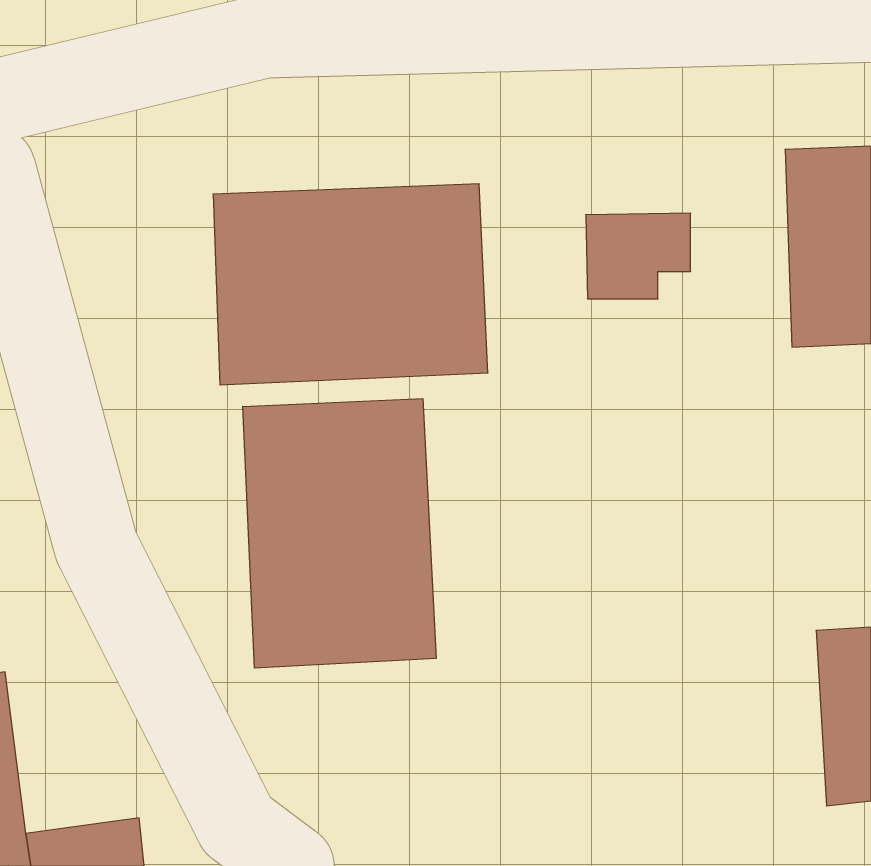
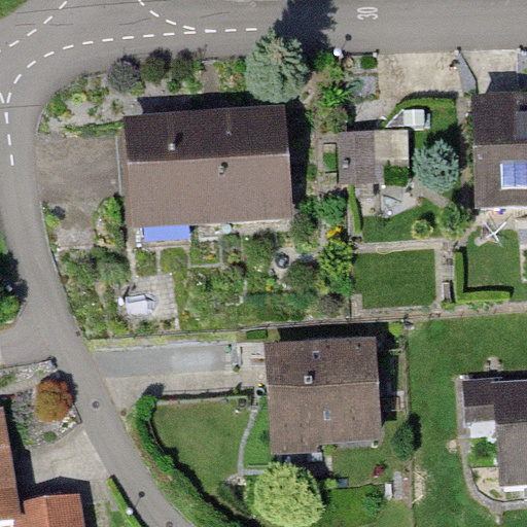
building: [243,399,436,668] -> none
building: none -> [262,338,382,443]

